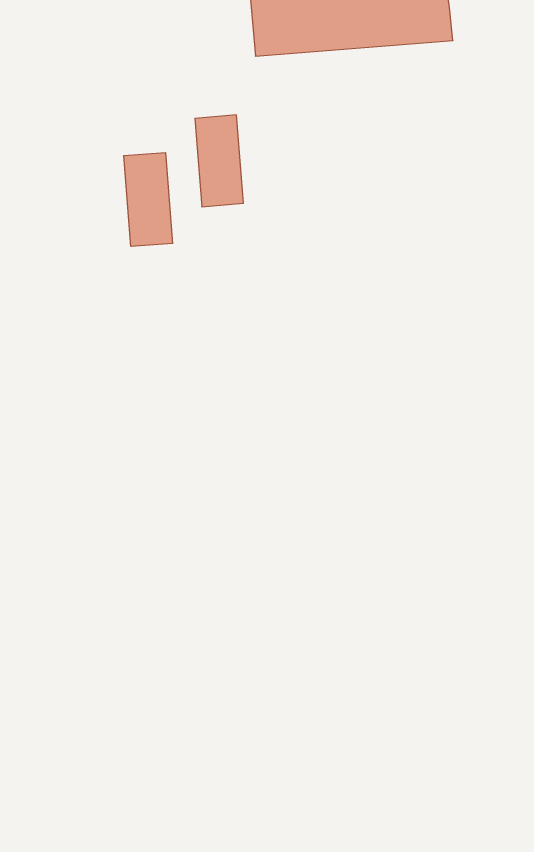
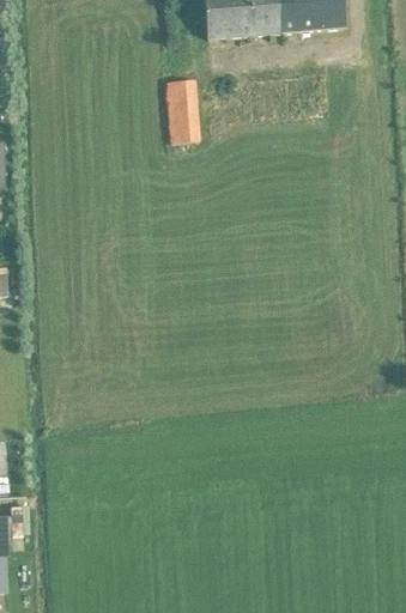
building: [124,153,173,246] -> none

